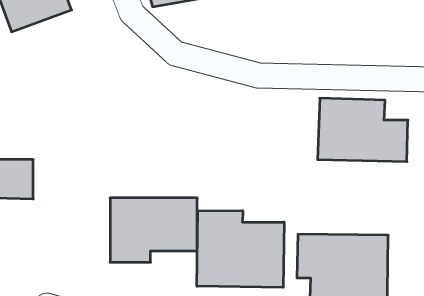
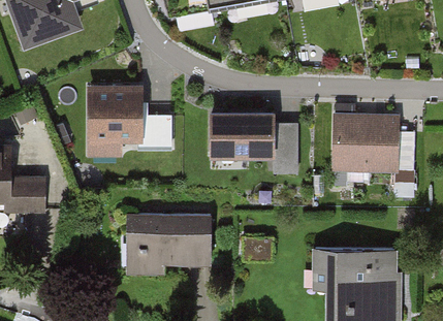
building: none -> [85,85,177,148]
building: none -> [203,111,302,176]
building: [197,211,284,287] -> none

